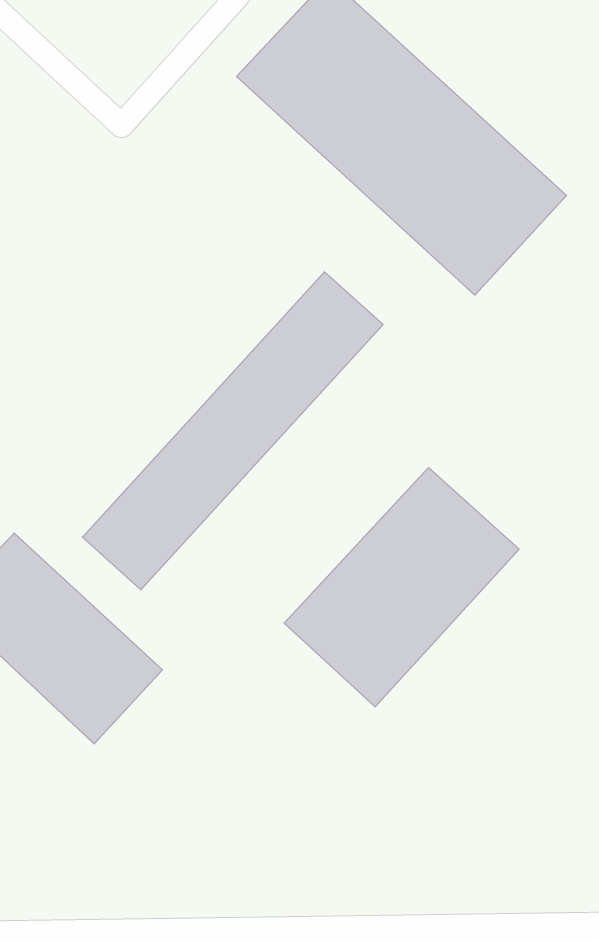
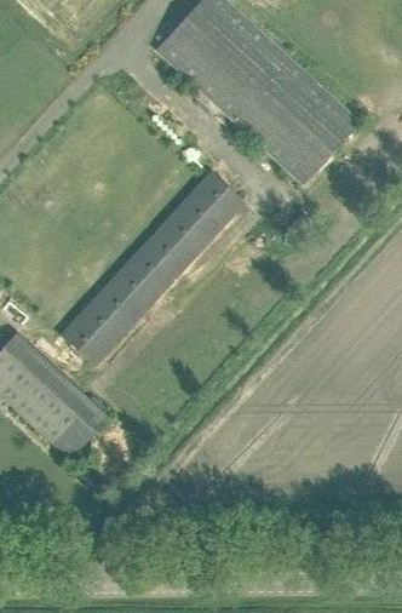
building: [284,468,519,707] -> none

